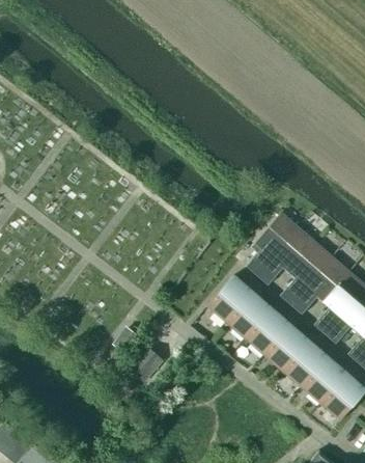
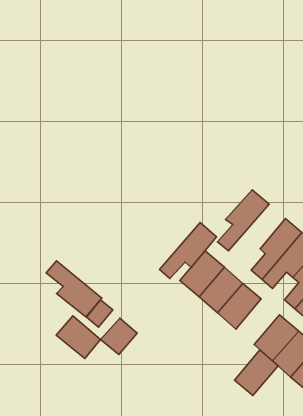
building: [258,228,316,285] -> [160,223,217,279]
building: none -> [46,261,102,317]
building: [265,325,310,372] -> [235,350,278,395]
building: none -> [56,316,101,359]

